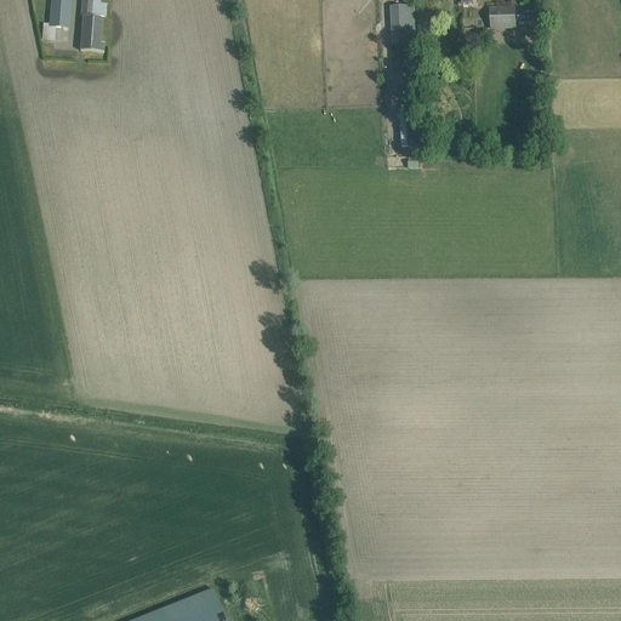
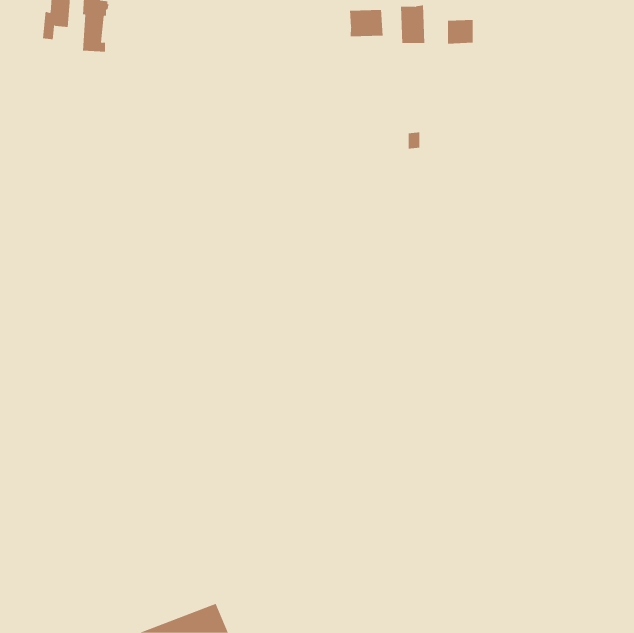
building: [489,5,514,29] -> [447,19,473,44]
building: none -> [350,9,383,37]

